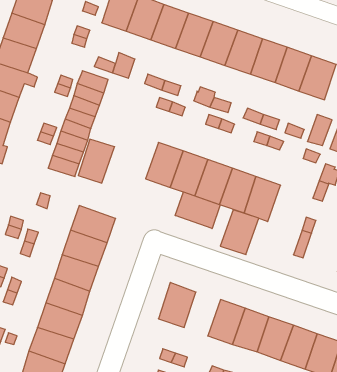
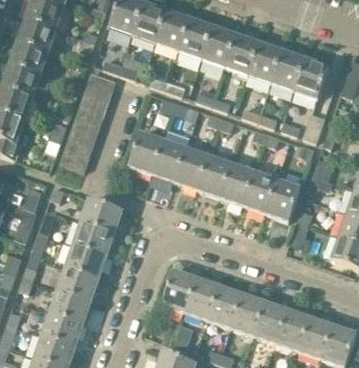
building: [78,139,115,183] -> [128,132,162,173]
building: [175,192,220,229] -> none
building: [220,210,259,255] -> [264,179,300,221]
building: none -> [186,279,220,320]

